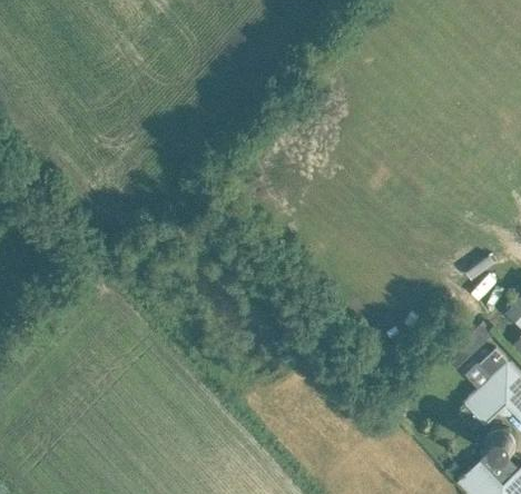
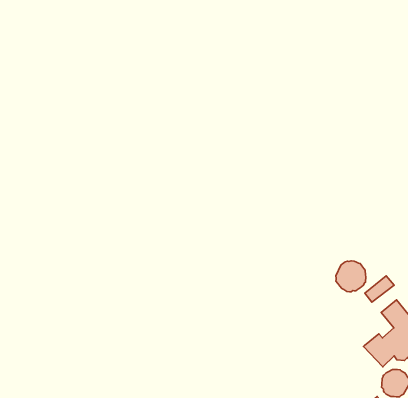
building: none -> [336,261,366,292]

